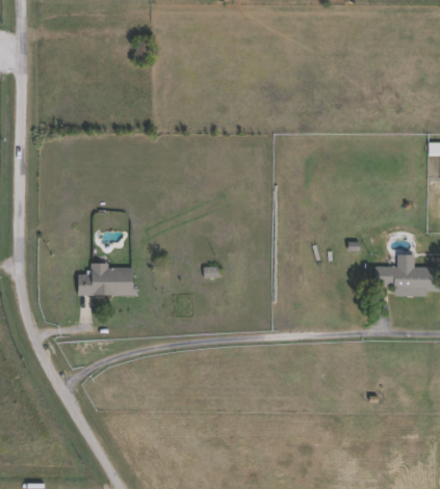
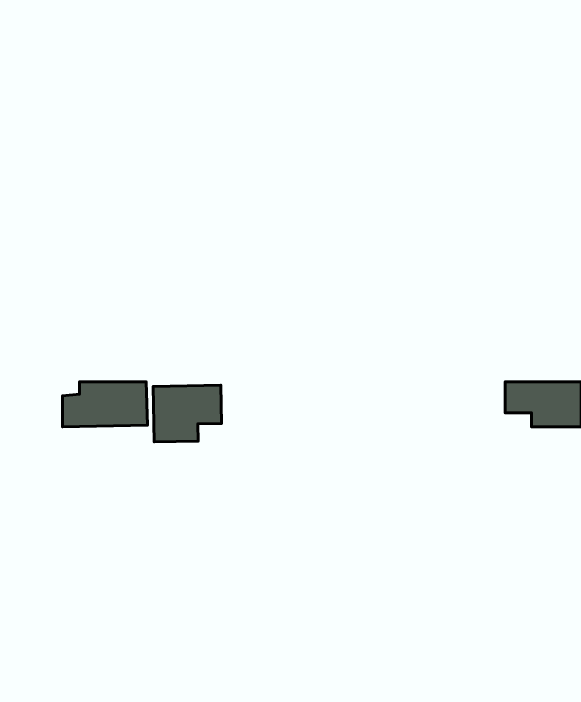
building: none -> [153,385,221,442]

